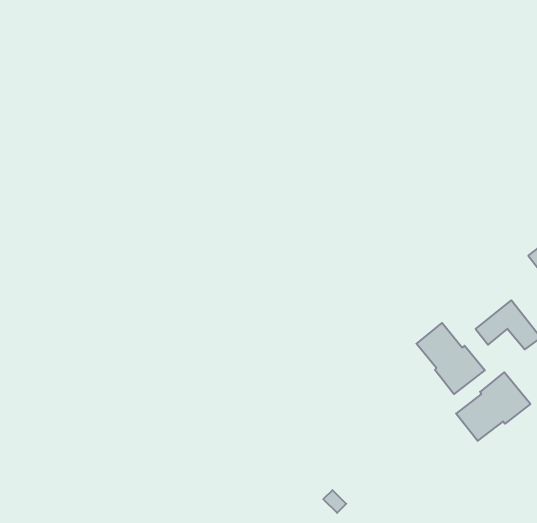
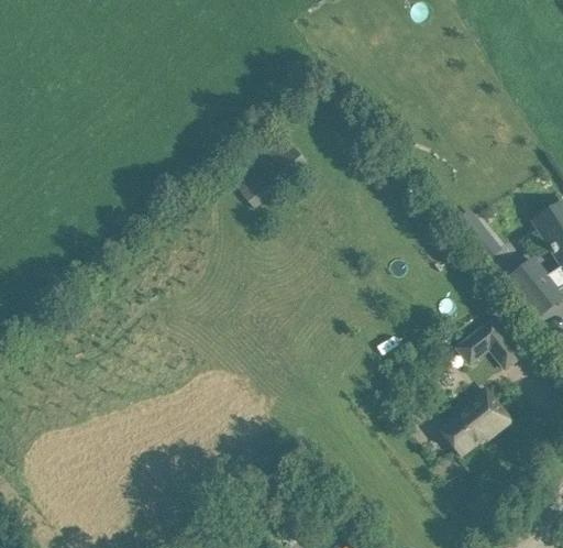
building: [416,323,485,394] -> none

